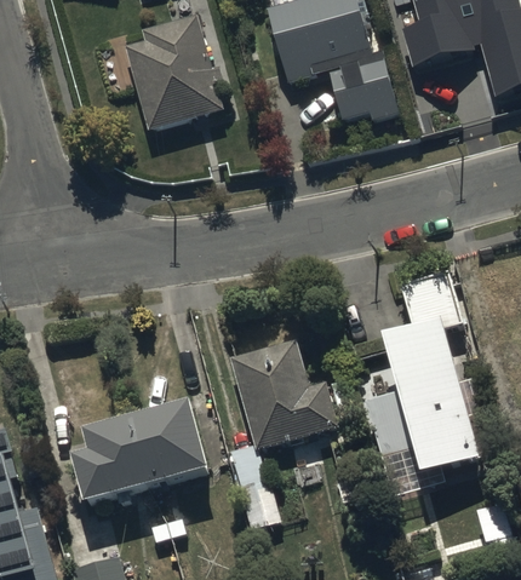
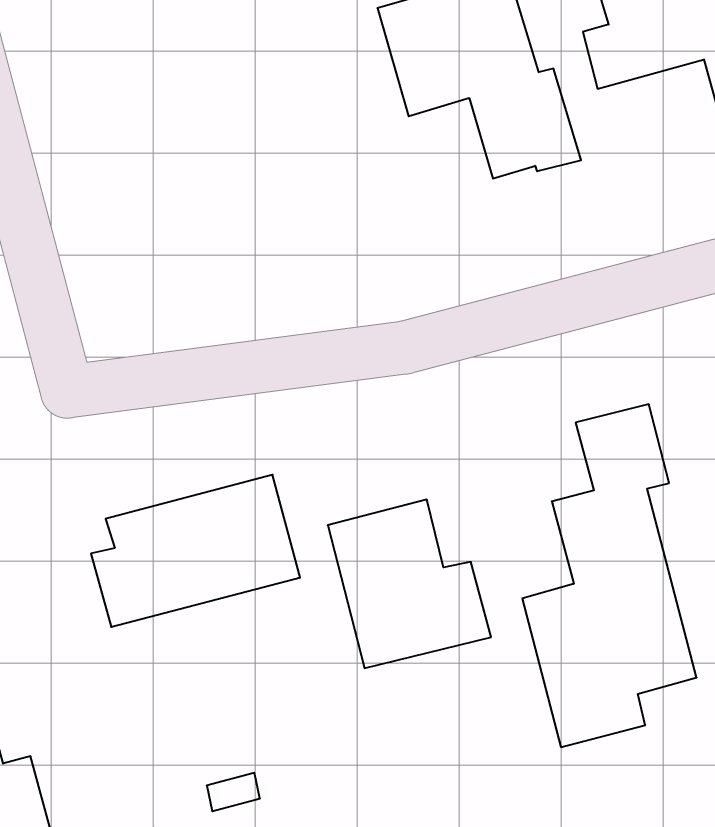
building: [131,31,228,148] -> none
building: [75,402,213,503] -> [91,475,300,627]

